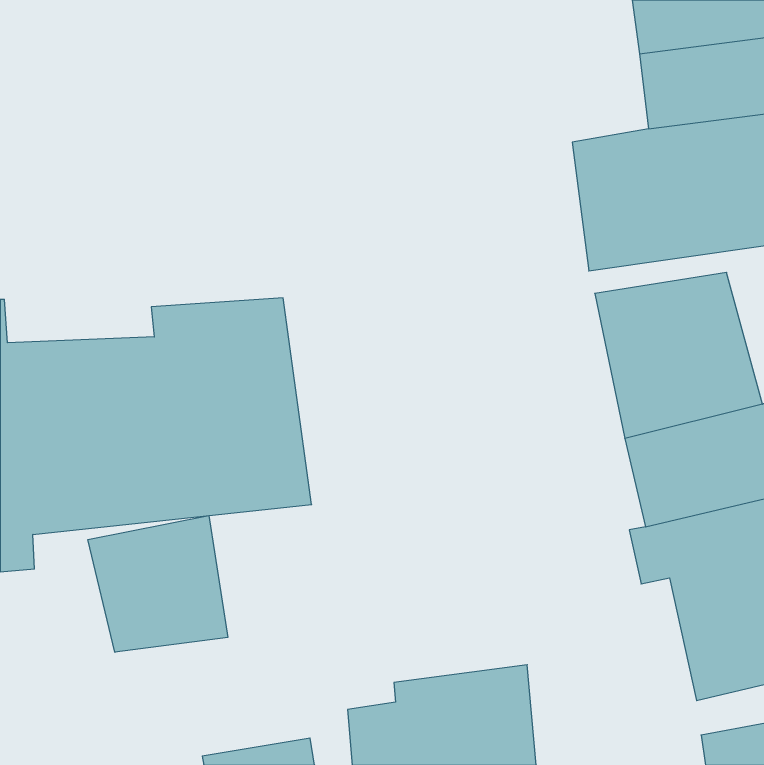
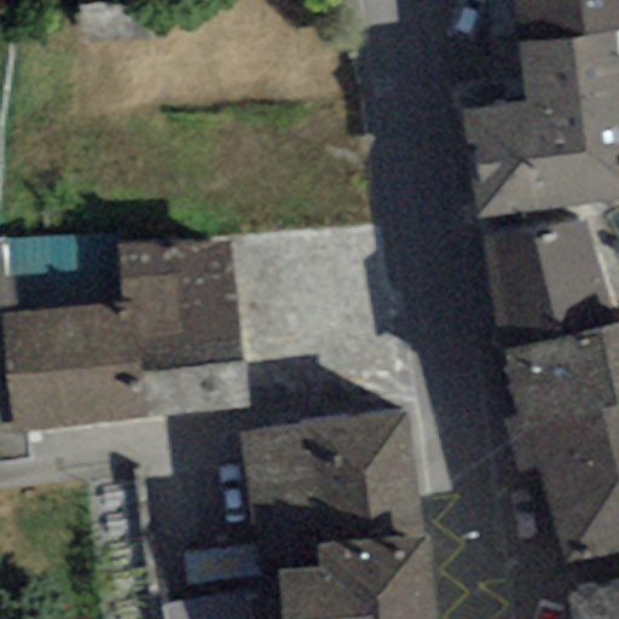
building: none -> [242,411,427,575]
building: [88,516,228,652] -> none

